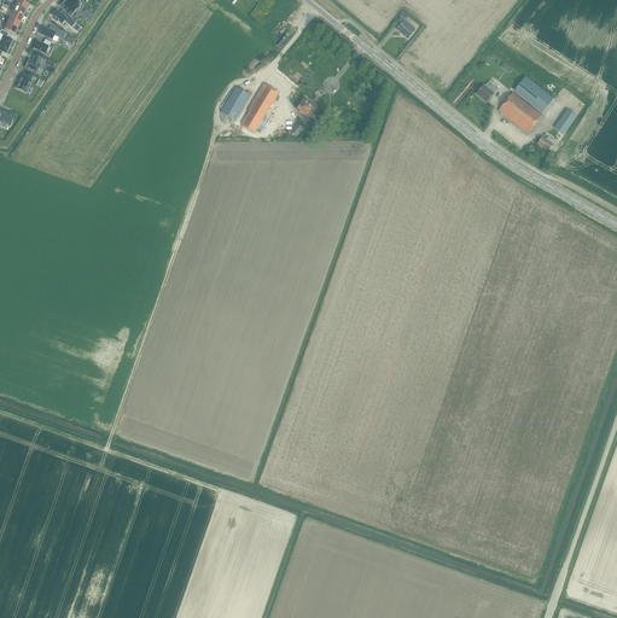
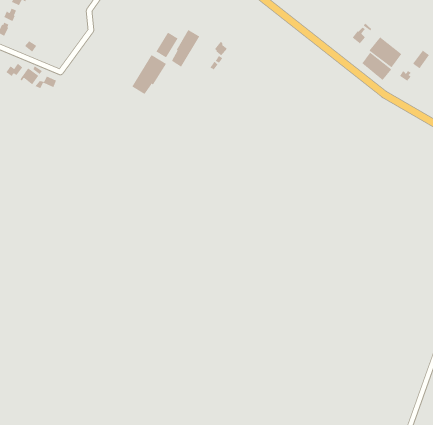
building: [513,75,553,112] -> [361,52,392,81]
building: none -> [131,54,167,95]

